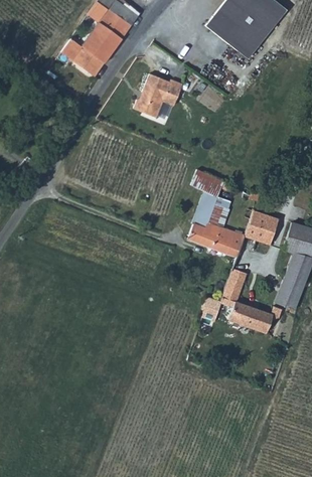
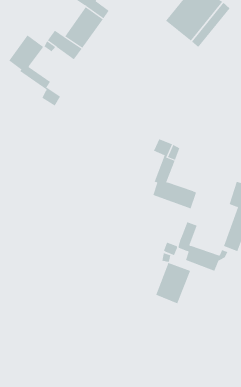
building: none -> [9,35,61,106]
building: [133,72,181,117] -> none
building: [245,209,280,245] -> none
building: none -> [156,262,191,304]

